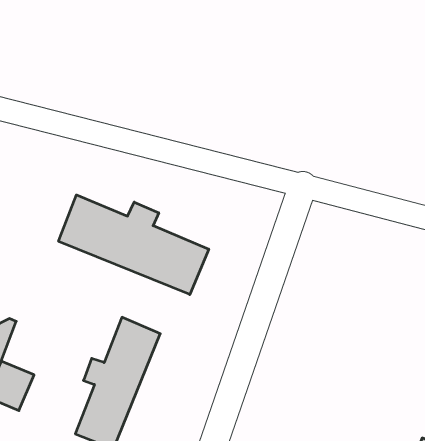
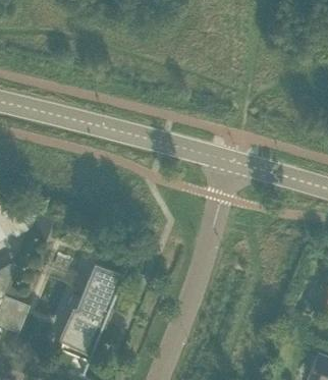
building: [59,195,209,295] -> none

